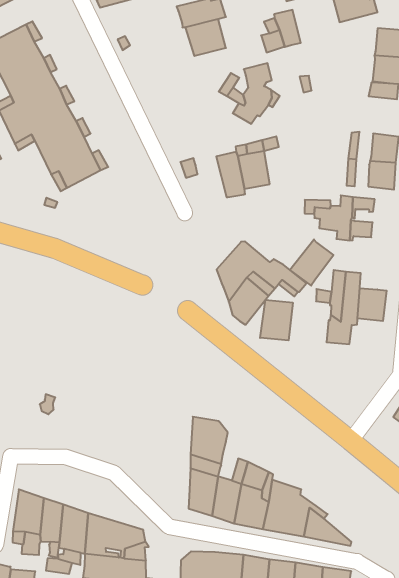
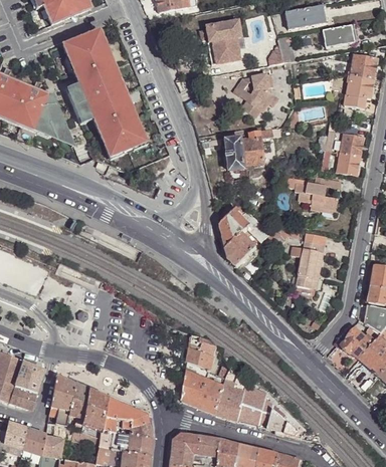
building: [290,239,333,286] -> none
building: [358,288,387,321] -> none
building: [260,300,293,340] -> none

